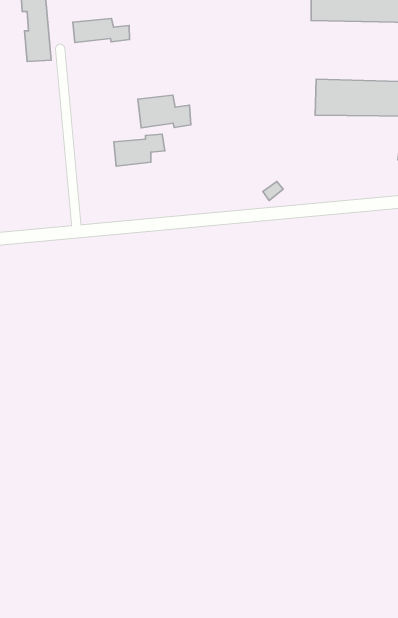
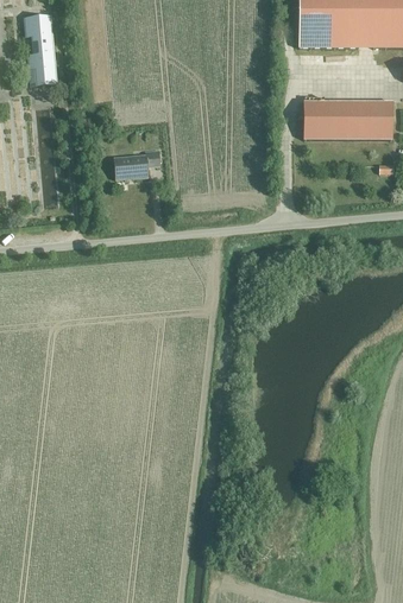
building: [73,19,130,43] -> none
building: [138,95,191,128] -> none

